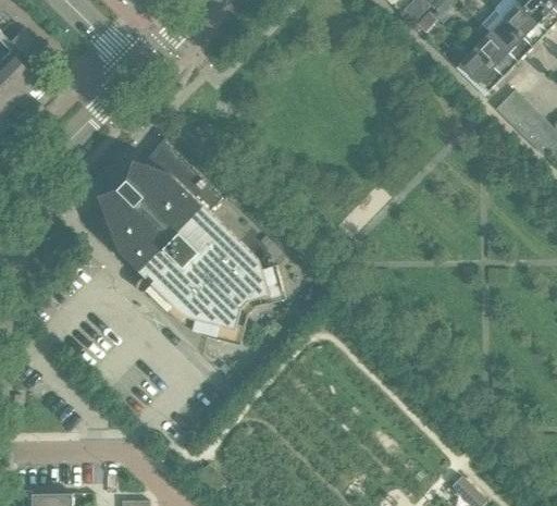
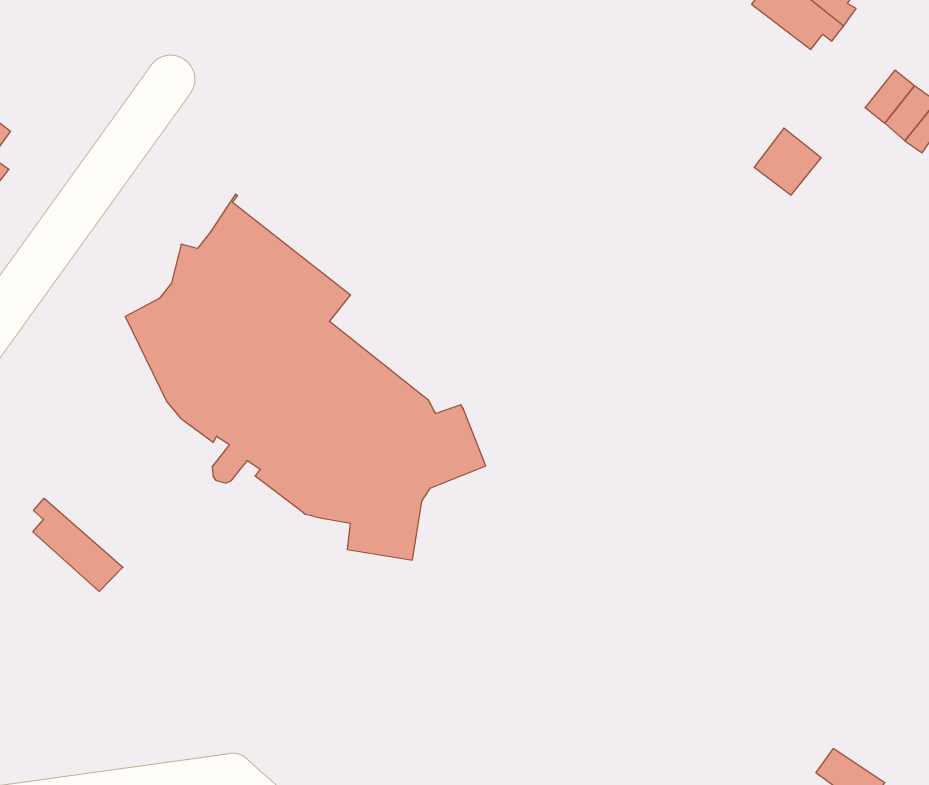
building: [494,89,531,126] -> [754,128,821,195]
building: none -> [33,498,123,592]

